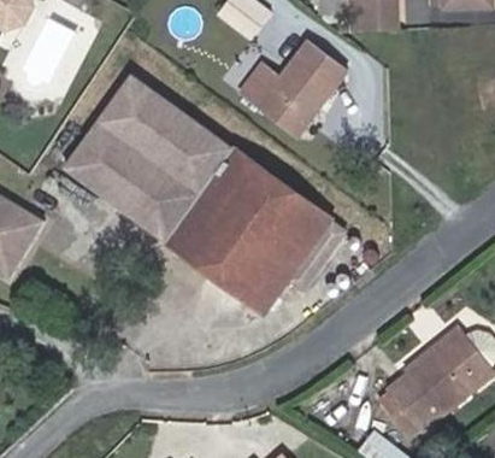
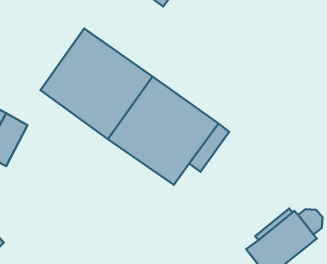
building: [237,42,343,134] -> none

